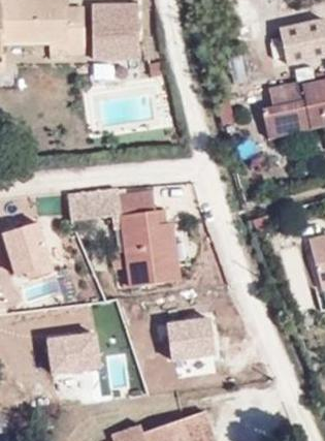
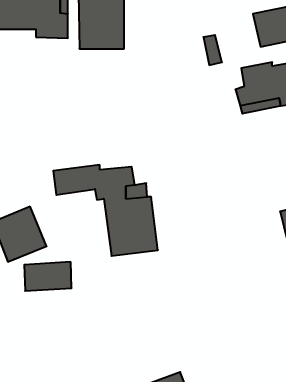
building: [168,318,216,372] -> none
building: [48,346,99,377] -> [24,262,72,291]

